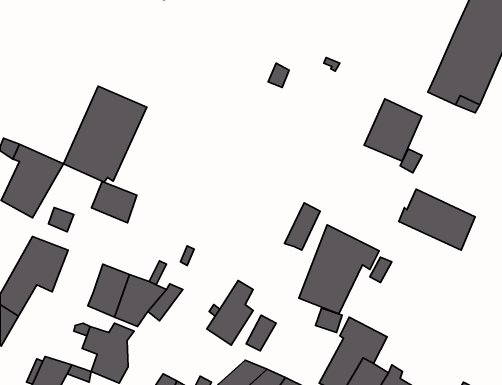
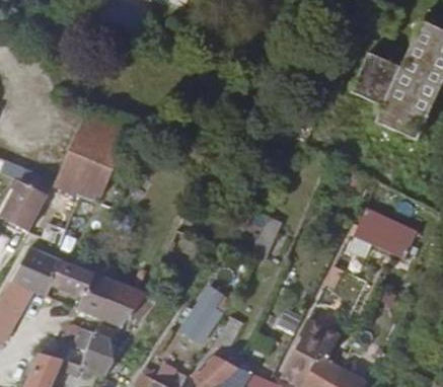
building: [364,99,422,161] -> [349,52,399,106]
building: [92,181,137,223] -> [51,260,90,297]
building: [299,225,379,314] -> none

